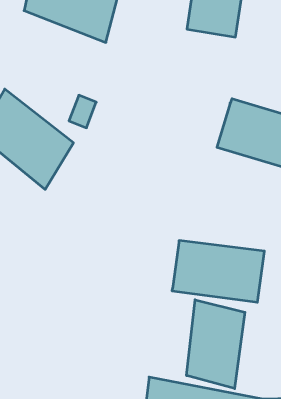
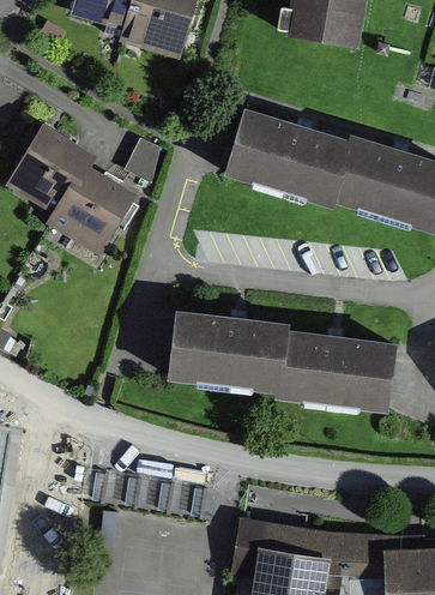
building: none -> [224,109,350,209]
building: none -> [163,308,280,391]
building: [187,300,245,389] -> none

